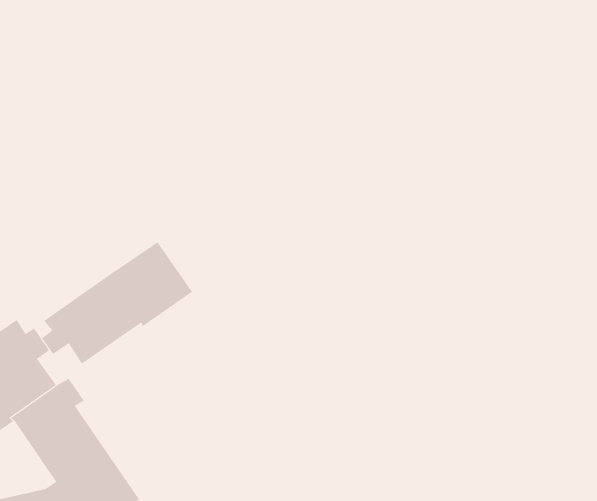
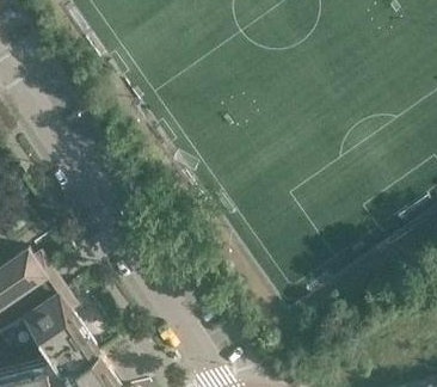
building: [41,241,193,365] -> none

